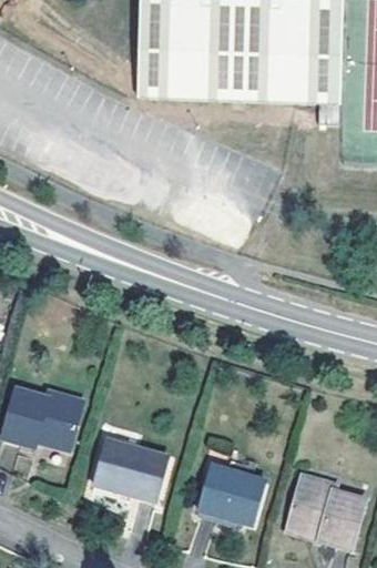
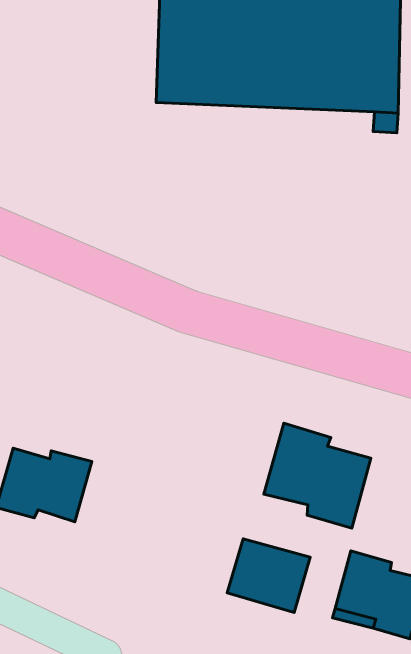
building: none -> [264,423,371,528]
building: [92,438,169,501] -> none

